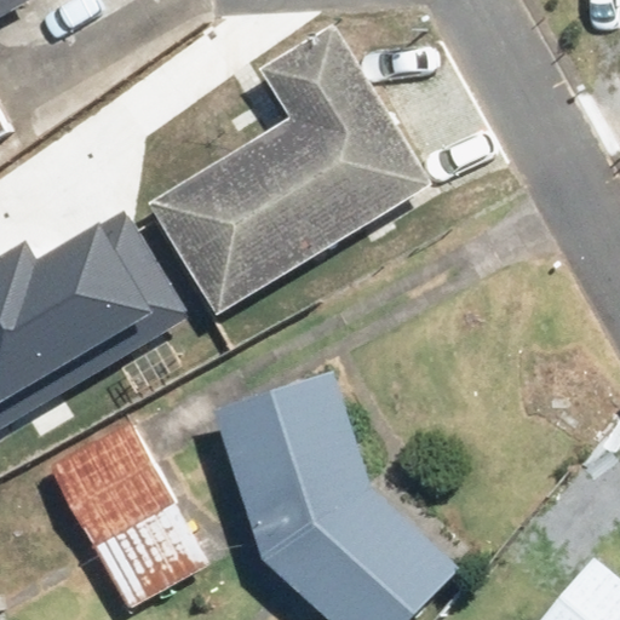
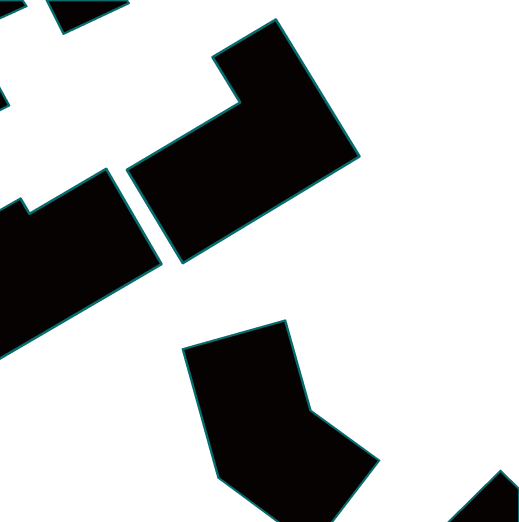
building: [57,424,211,601] -> none

